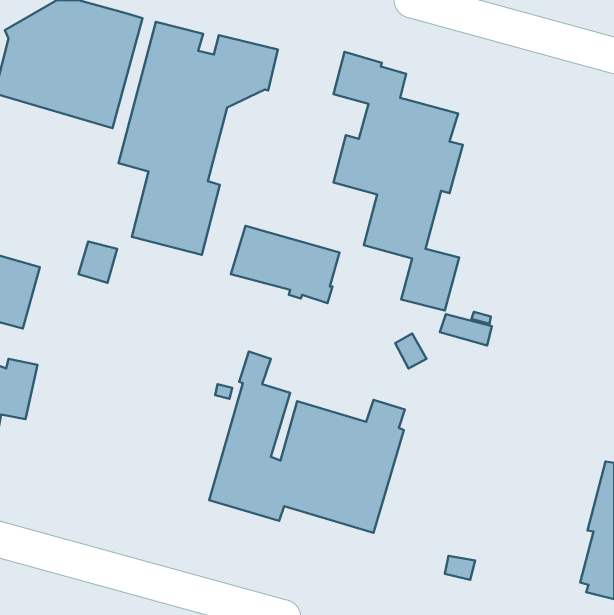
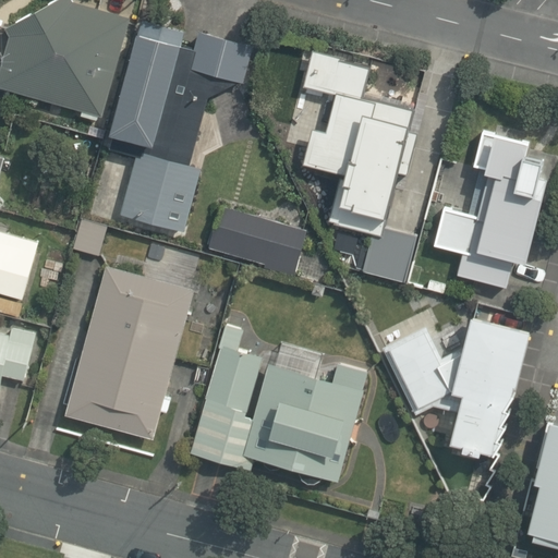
building: none -> [433,131,547,288]
building: none -> [66,267,193,438]
building: none -> [381,307,539,468]

